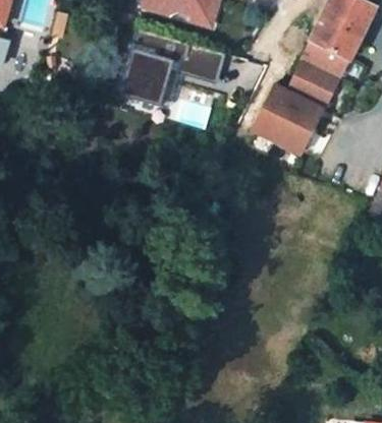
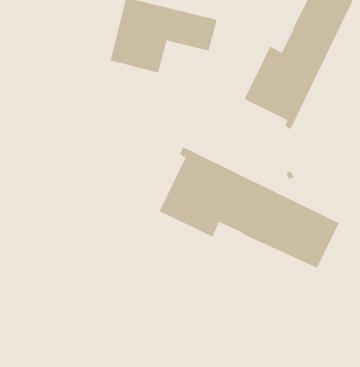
building: none -> [159,146,339,268]

